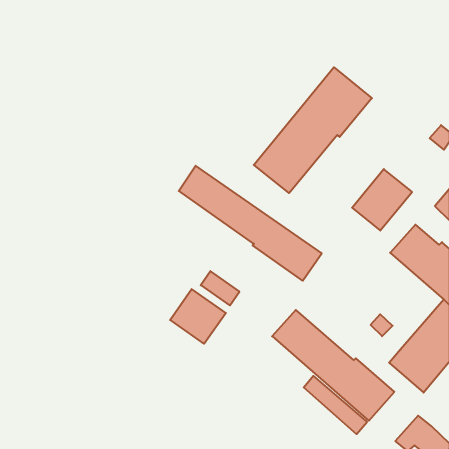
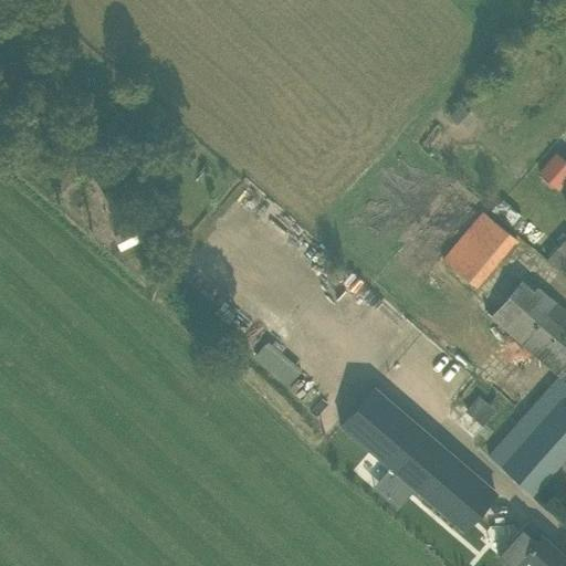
building: [254,67,372,193] -> none
building: [179,166,322,281] -> none
building: [170,289,226,344] -> none

